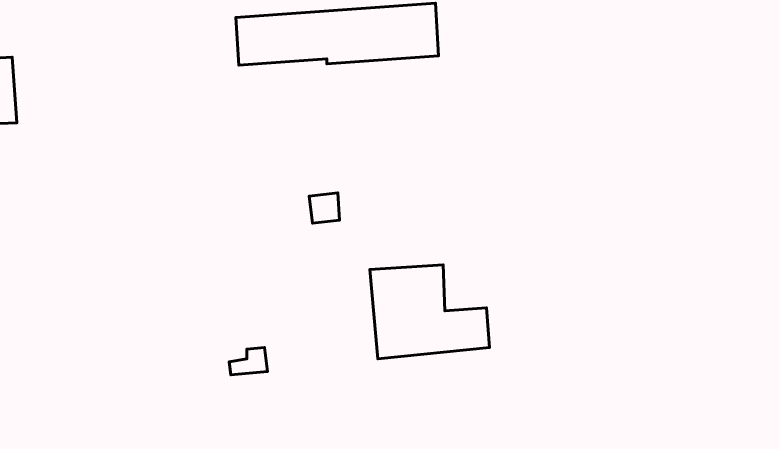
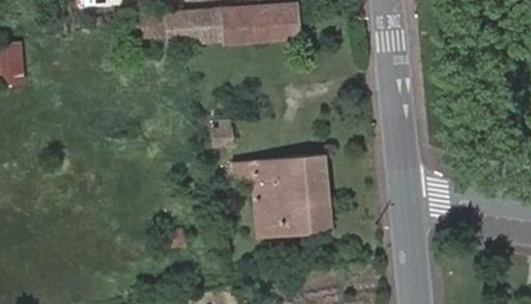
building: none -> [233,155,329,204]

